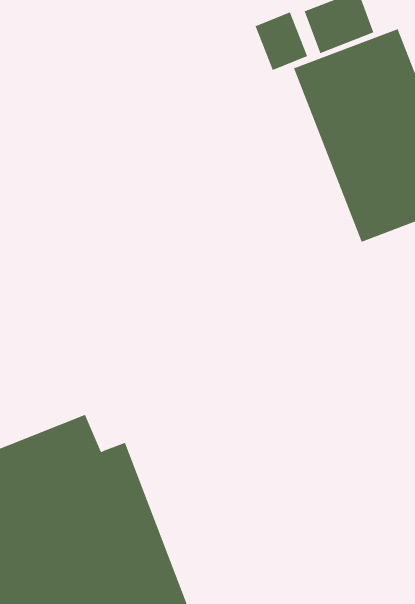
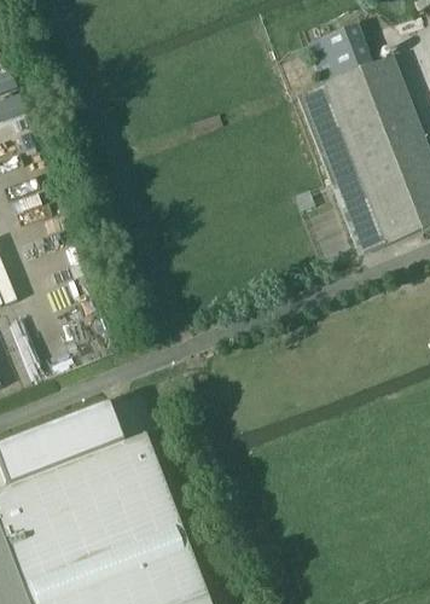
building: [255,11,308,71] -> none

